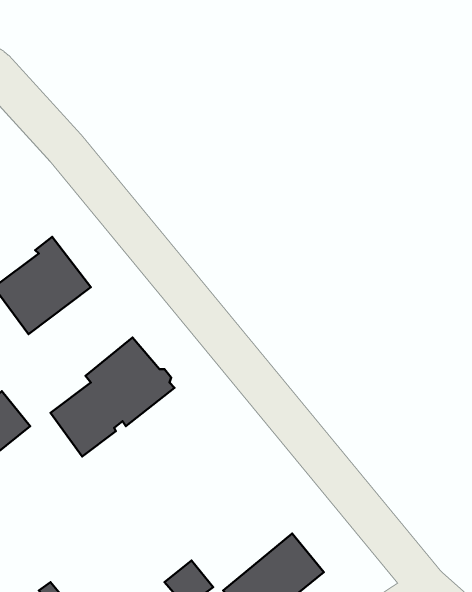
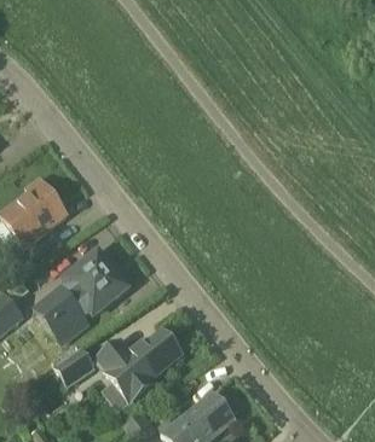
building: none -> [93,328,181,403]
building: none -> [52,347,93,385]

